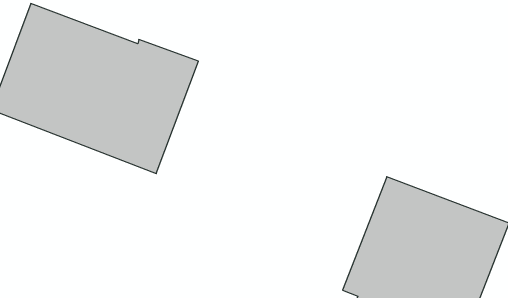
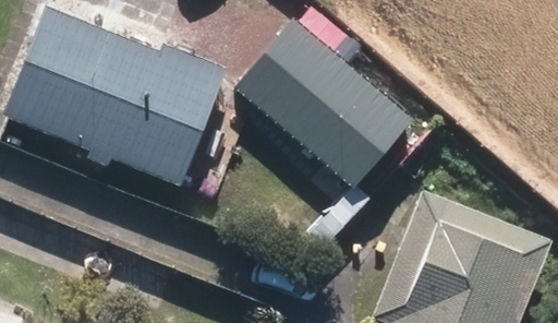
building: none -> [233,31,402,188]

